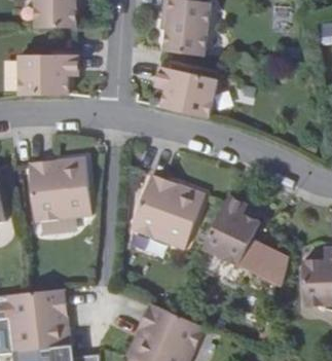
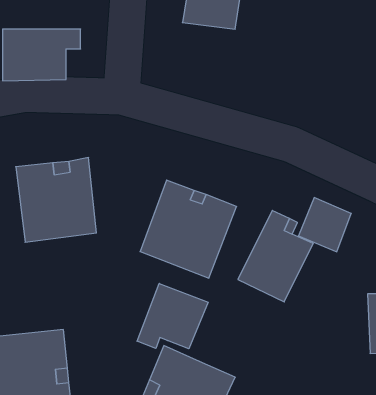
building: [152,64,215,117] -> none
building: [242,243,283,285] -> [298,198,351,252]
building: none -> [137,283,208,349]

